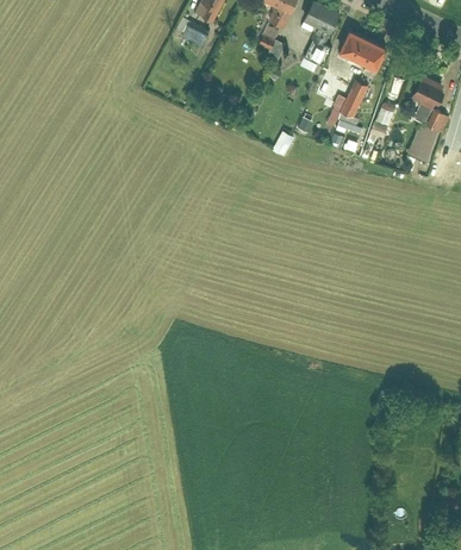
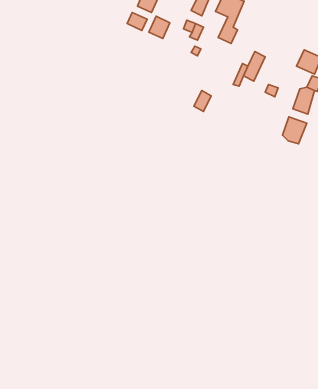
building: [338,27,385,68] -> none
building: none -> [149,16,170,38]
building: none -> [282,117,307,144]

